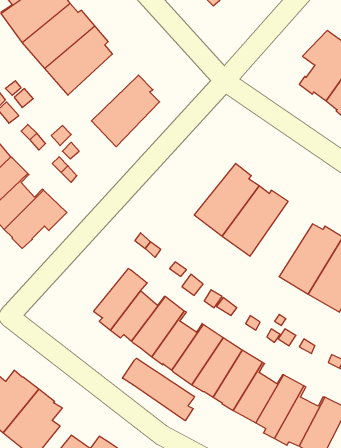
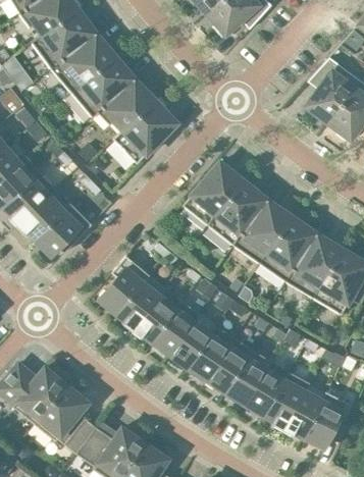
building: none -> [93,80,157,141]
building: none -> [183,162,246,226]
building: none -> [259,214,316,282]
building: none -> [97,256,148,314]
building: [122,358,195,421] -> none

